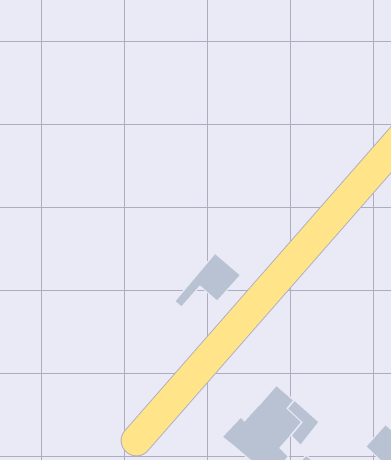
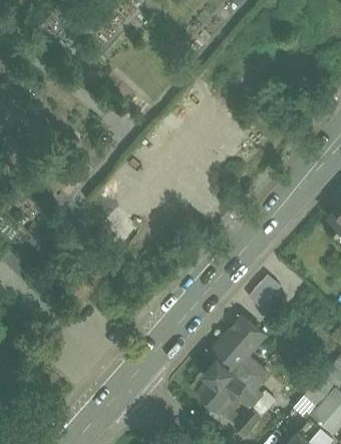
building: [174,253,241,307] -> [211,318,265,362]
building: none -> [250,276,286,312]

